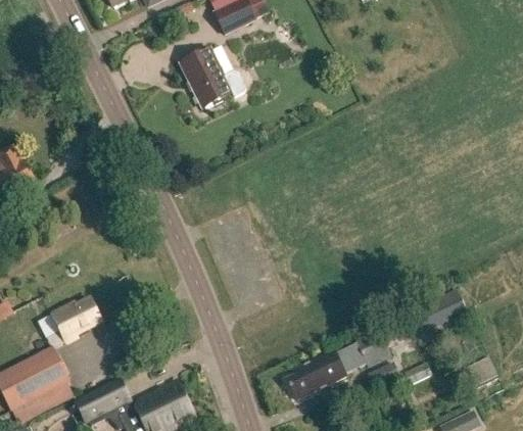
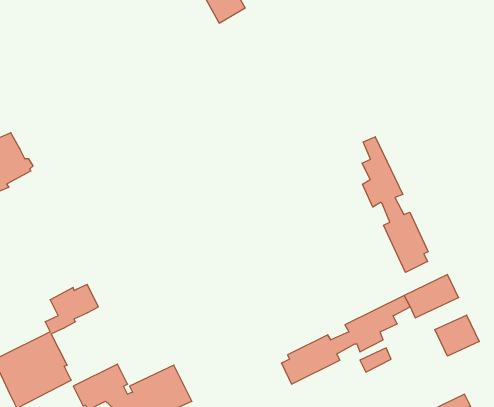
building: [180,49,246,108] -> none
building: none -> [362,137,428,272]
building: none -> [435,315,479,356]

